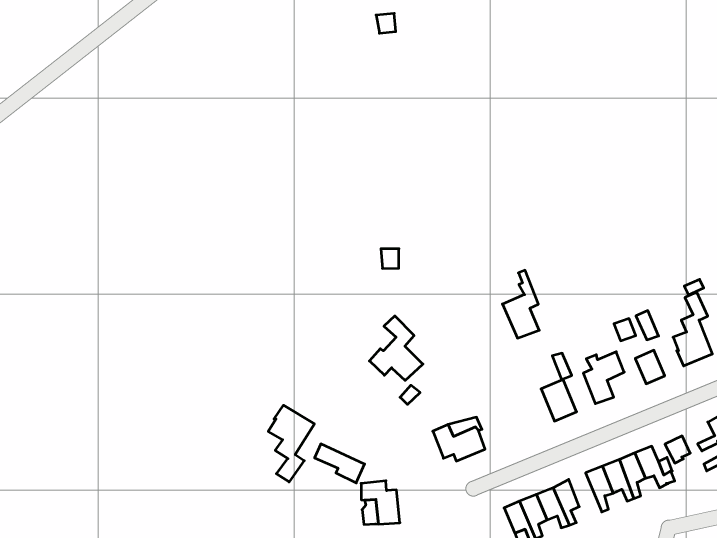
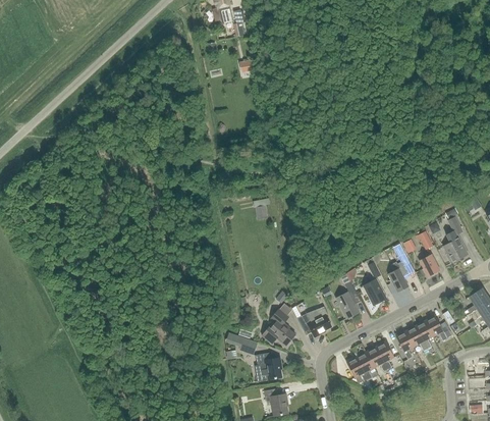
building: [502,270,539,338] -> [335,275,360,318]
building: [369,316,423,380] -> [262,306,295,346]
building: [268,405,314,482] -> none

